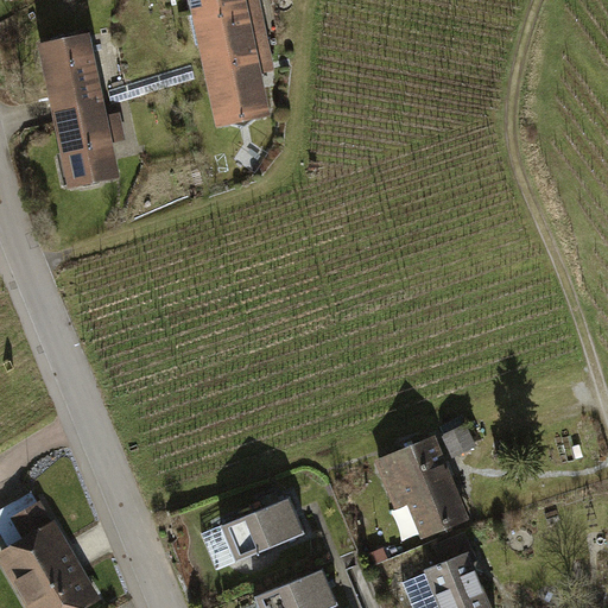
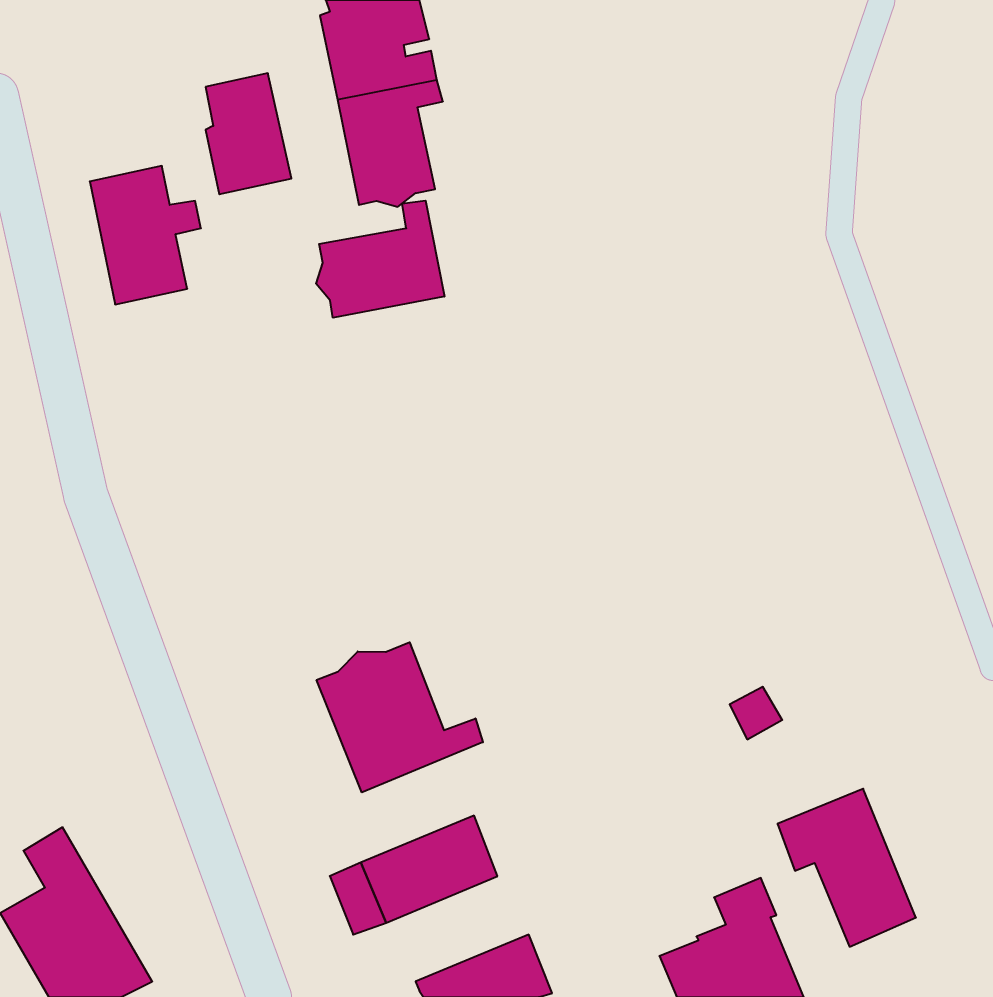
building: [46,37,99,110] -> [206,73,291,194]
building: none -> [316,201,444,318]
building: none -> [317,642,483,792]
building: [379,439,463,536] -> [777,789,916,947]

